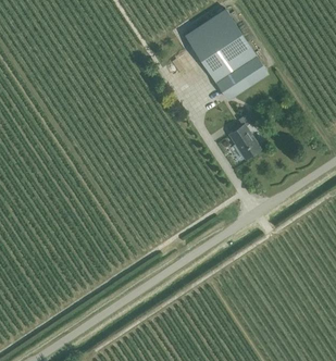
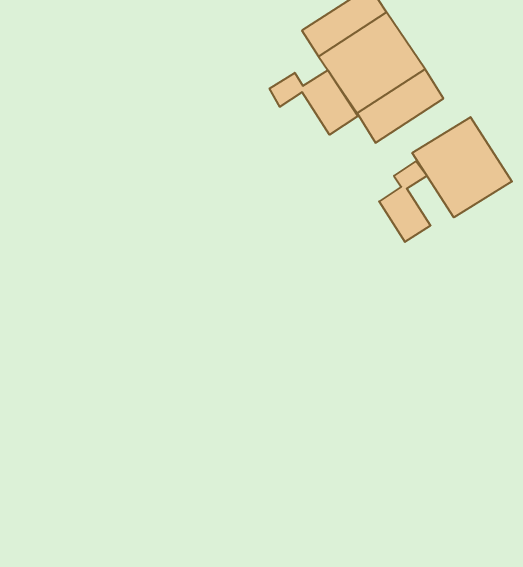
building: none -> [270,70,358,135]
building: none -> [412,117,512,217]

